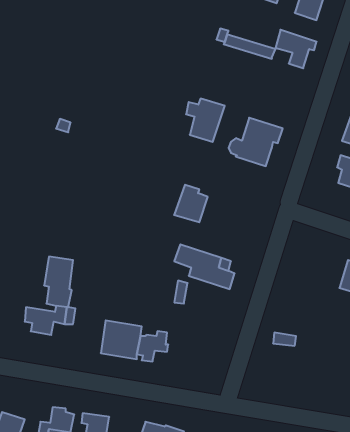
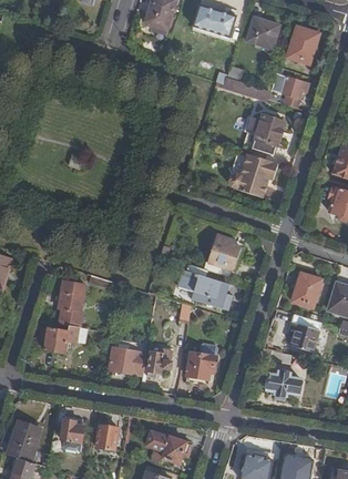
building: [186,99,225,142] -> [249,113,285,153]
building: [174,185,208,222] -> [207,236,238,271]
building: none -> [289,273,319,308]
building: none -> [289,313,321,350]
building: none -> [184,351,215,384]
building: none -> [266,367,300,397]

